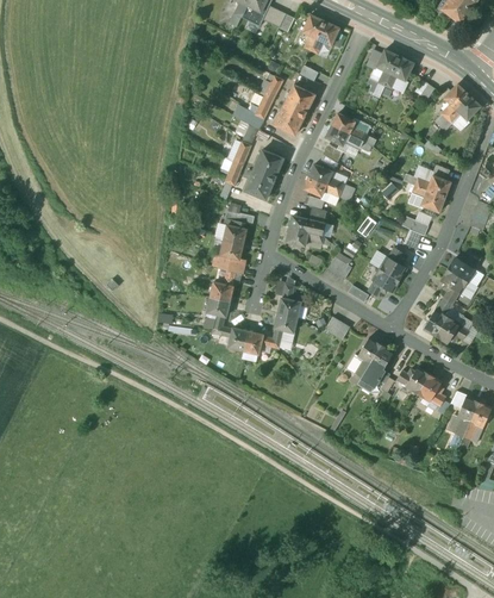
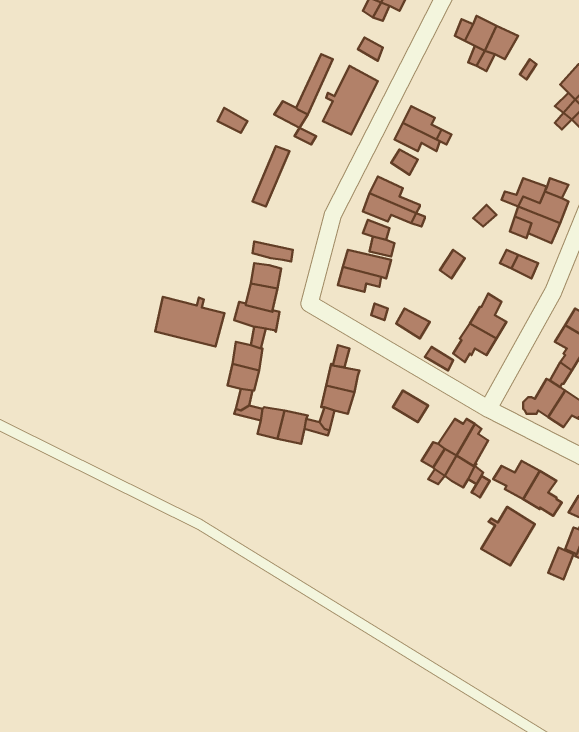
building: [245,151,283,199] -> none
building: none -> [155,297,225,346]
building: none -> [481,507,535,566]

